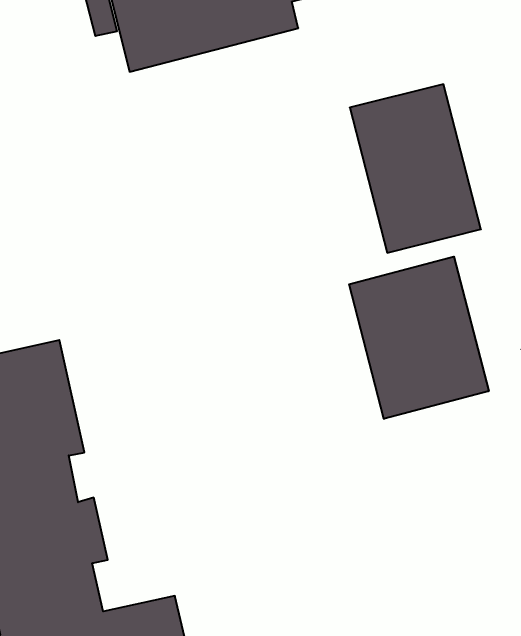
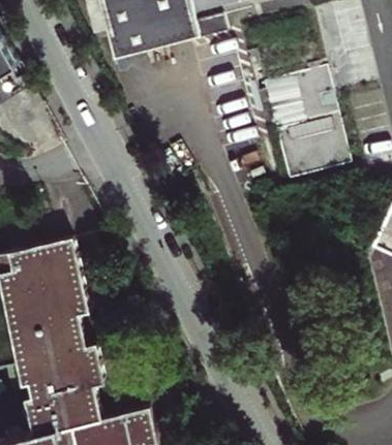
building: [349,257,489,419] -> none

